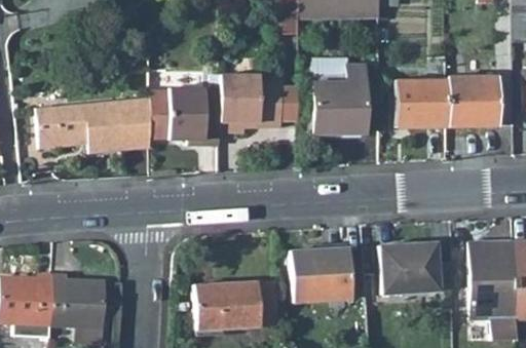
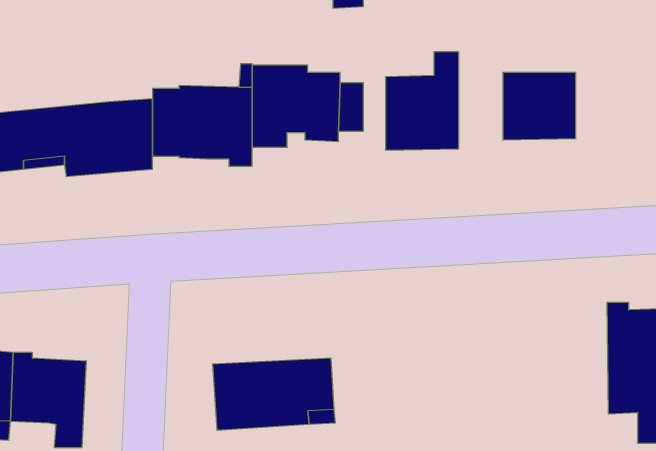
building: [313,57,348,82] -> none
building: [448,75,499,125] -> none
building: [380,243,454,294] -> none
building: [291,247,352,302] -> none

